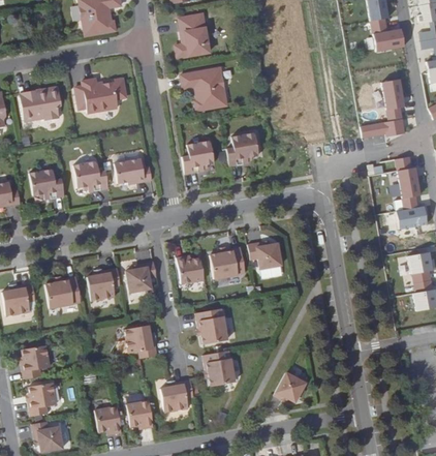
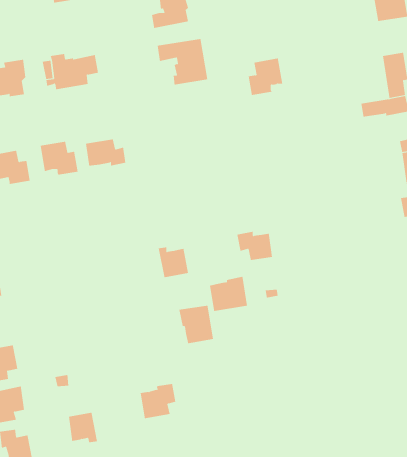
building: [223,131,255,165] -> [248,58,283,95]
building: [179,140,211,174] -> none
building: [211,246,246,278] -> [209,276,248,312]
building: [127,261,158,292] -> none
building: [88,267,122,300] -> none
building: [46,276,82,307] -> none
building: [126,325,158,358] -> none
building: [205,349,236,386] -> none
building: [275,372,307,402] -> none
building: [128,400,155,428] -> none

